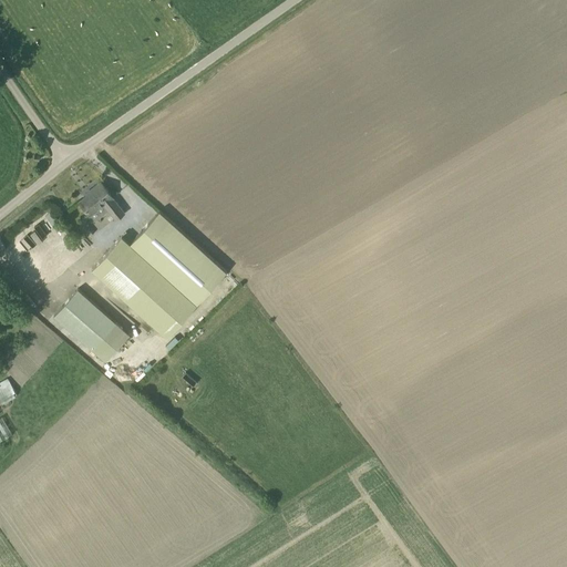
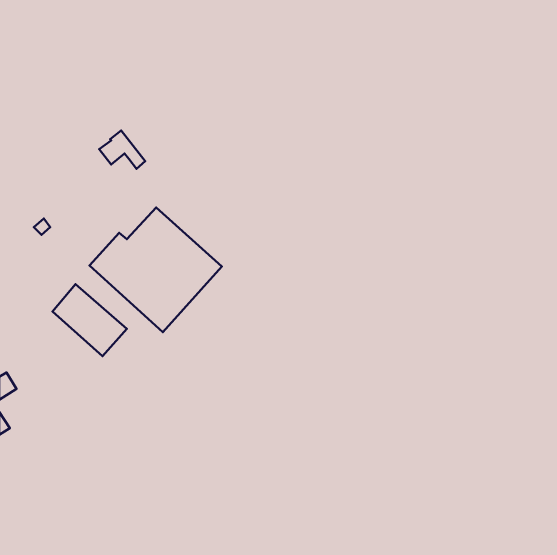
building: [78,185,124,224] -> [99,131,145,169]

